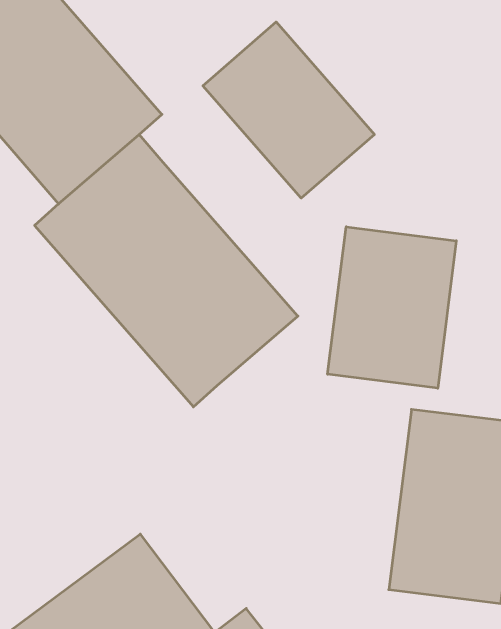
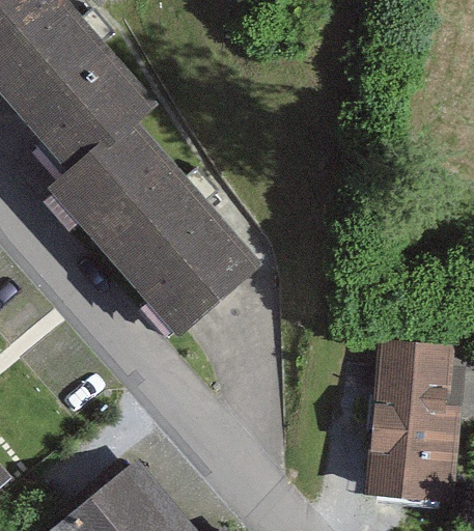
building: [203,22,374,198] -> none
building: [328,227,456,388] -> none

